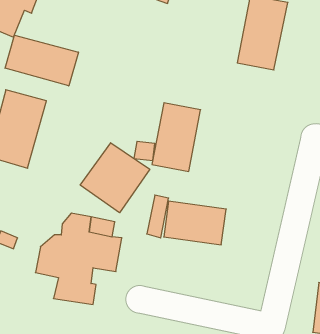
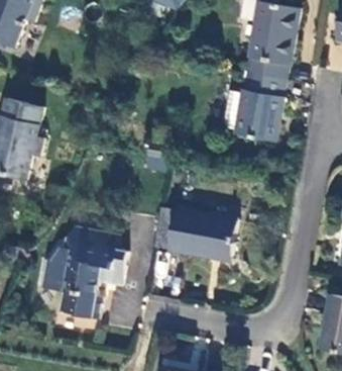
building: [5,35,78,86] -> none
building: [152,103,201,171] -> [232,72,281,142]
building: [80,143,150,213] -> none

